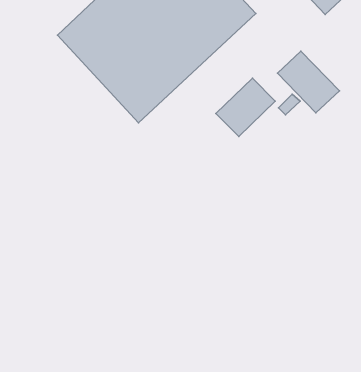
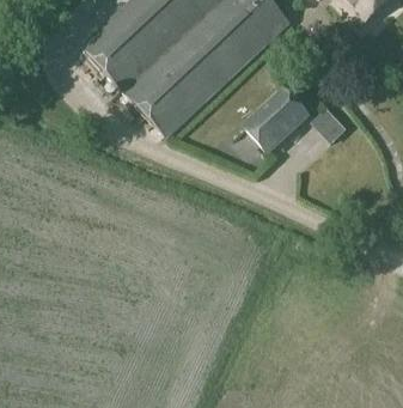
building: [277,51,339,113] -> none

